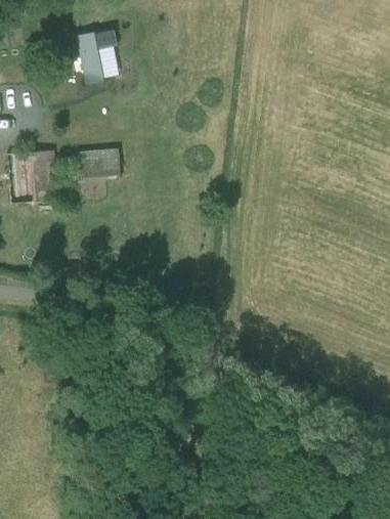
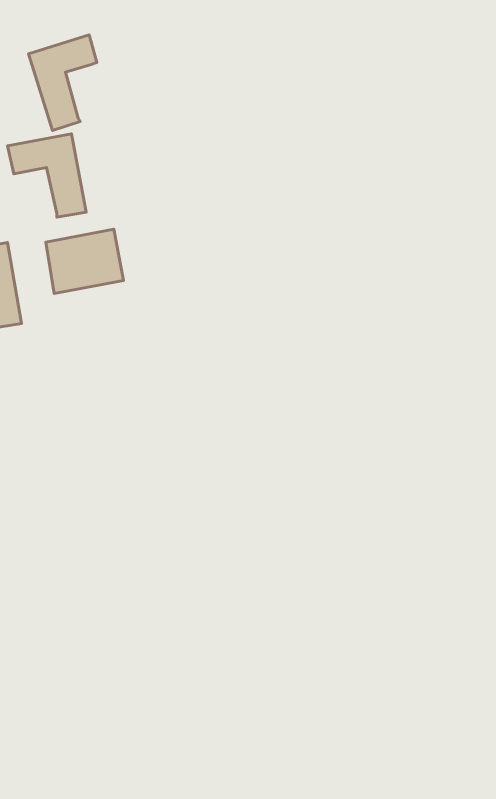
building: none -> [7,134,86,217]

